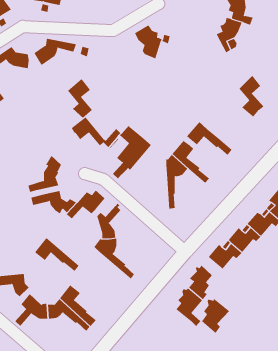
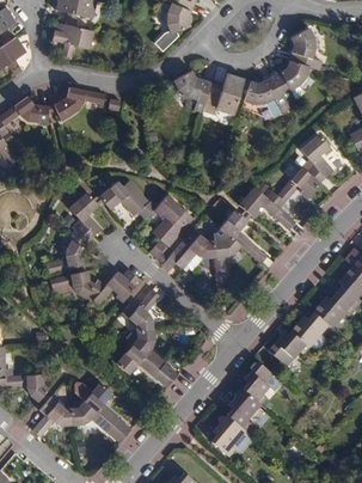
building: none -> [216,73,244,114]
building: none -> [243,80,289,116]
building: [67,78,93,119] -> [69,190,100,239]
building: none -> [265,165,320,207]
building: none -> [168,227,215,269]
building: [34,237,80,272] -> [117,343,172,385]
building: [201,298,230,334] -> [210,414,245,457]

